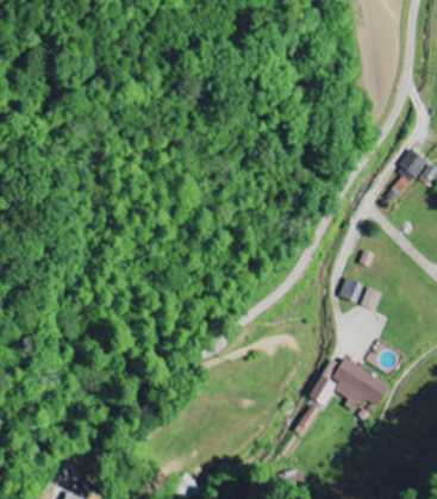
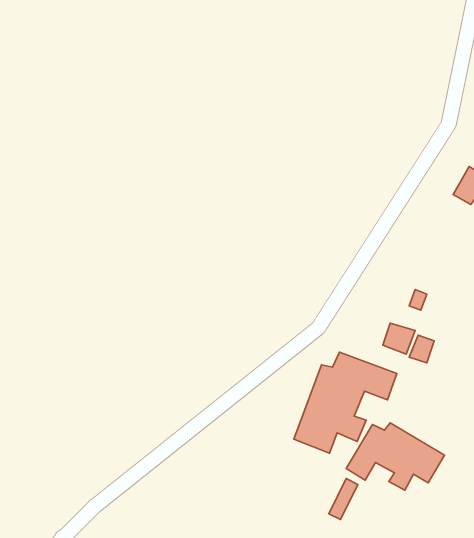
building: none -> [294,352,397,453]

